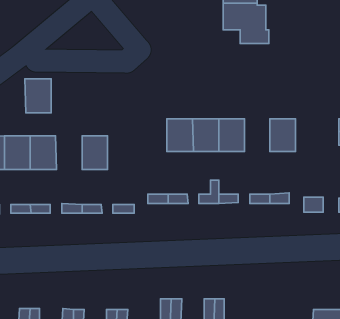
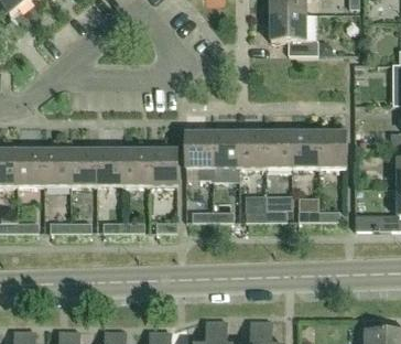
building: [25,79,51,113] -> [96,150,123,185]
building: none -> [185,132,212,179]
building: none -> [292,132,318,166]
building: none -> [150,150,176,185]

